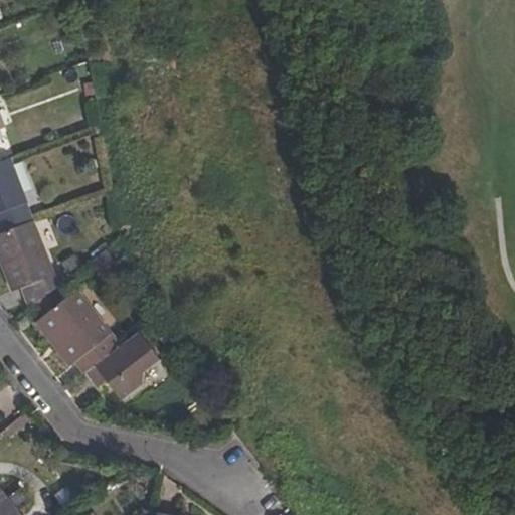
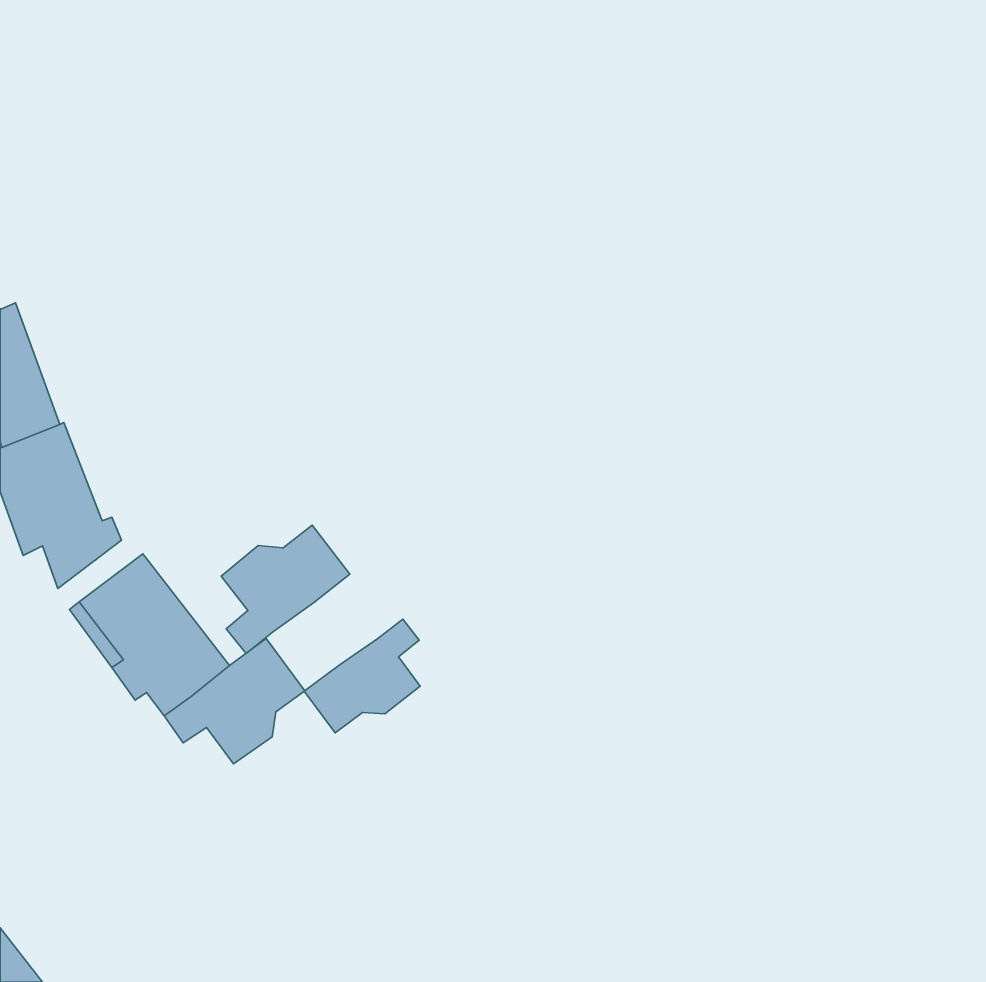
building: none -> [221,525,350,653]
building: none -> [304,619,420,733]

